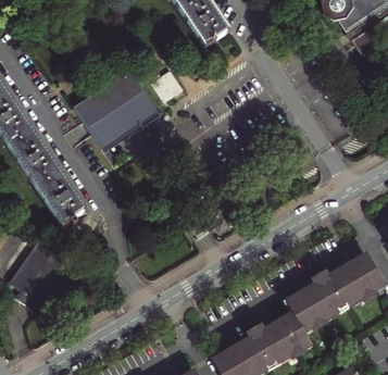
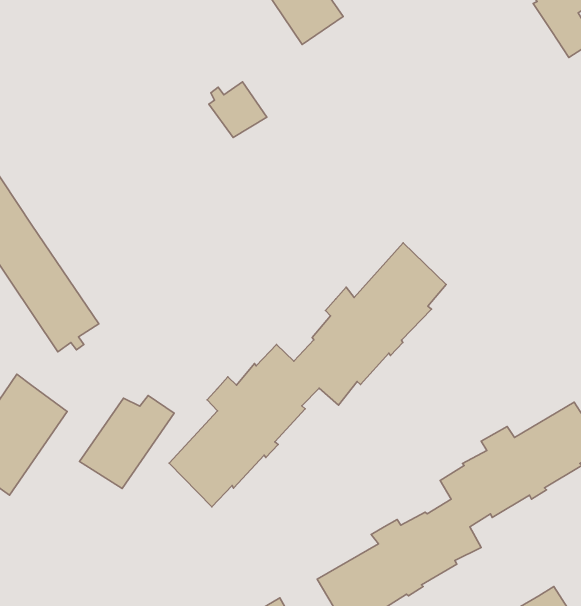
building: [75,67,162,151] -> none
building: none -> [169,243,446,507]
building: none -> [80,396,174,489]

